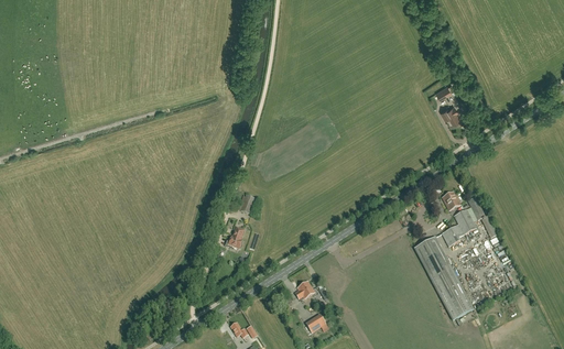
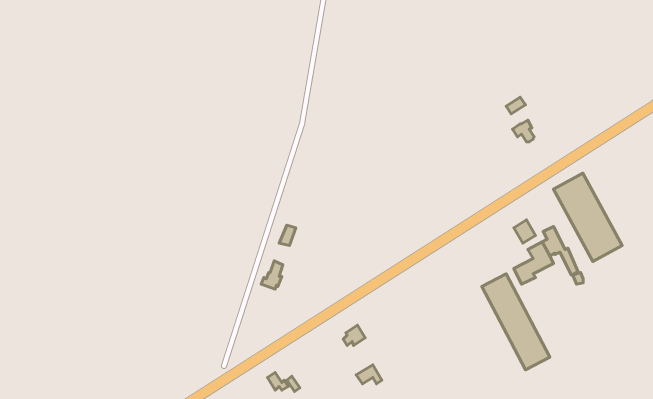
building: none -> [553,173,622,261]

